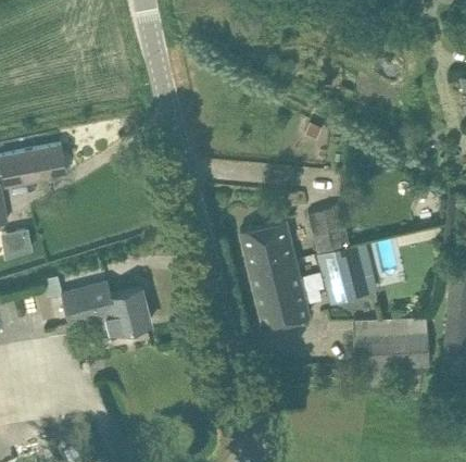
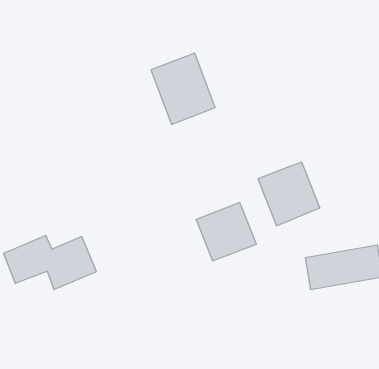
building: [307,205,349,253] -> none
building: [240,218,298,285] -> [151,53,215,124]

